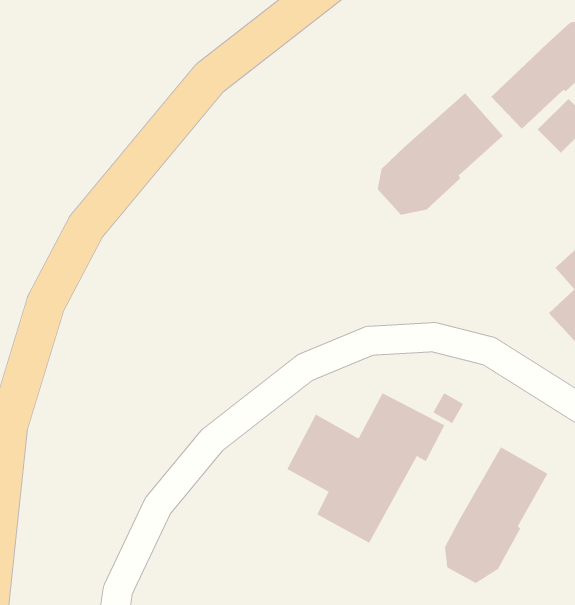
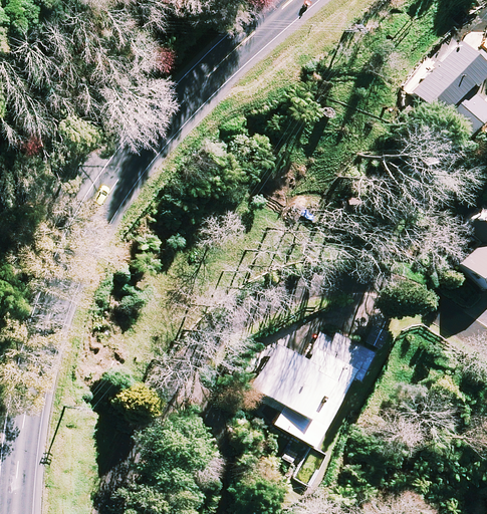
building: [377,93,503,216] -> none
building: [445,446,548,584] -> none

